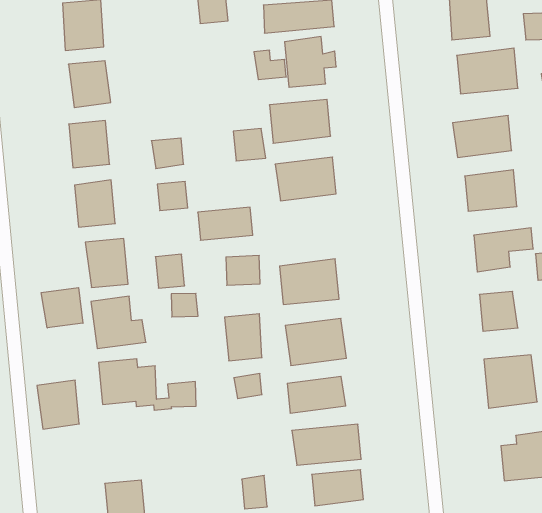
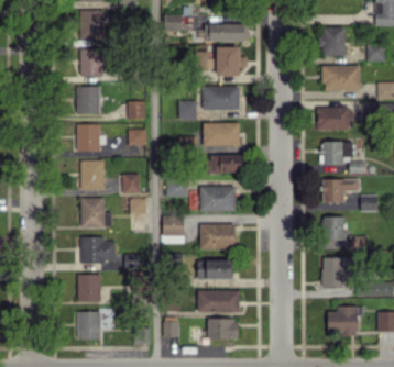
building: [198,207,253,240] -> [211,155,244,173]
building: [41,288,83,328] -> none
building: [37,380,79,429] -> [77,274,101,302]

